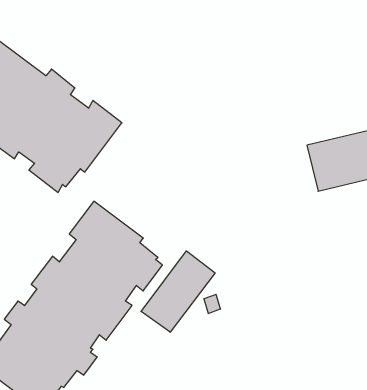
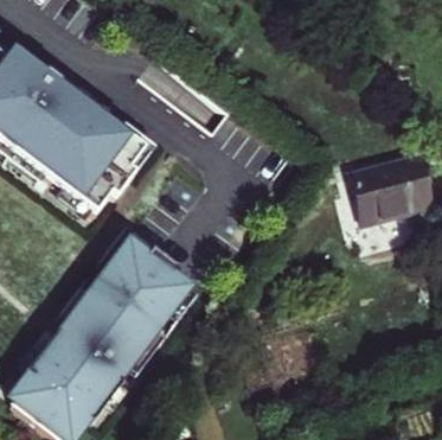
building: [141,251,215,332] -> none

